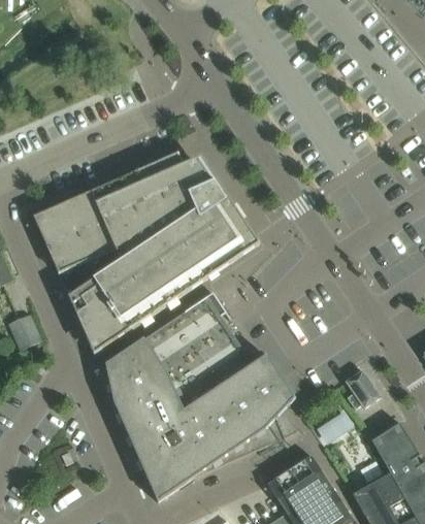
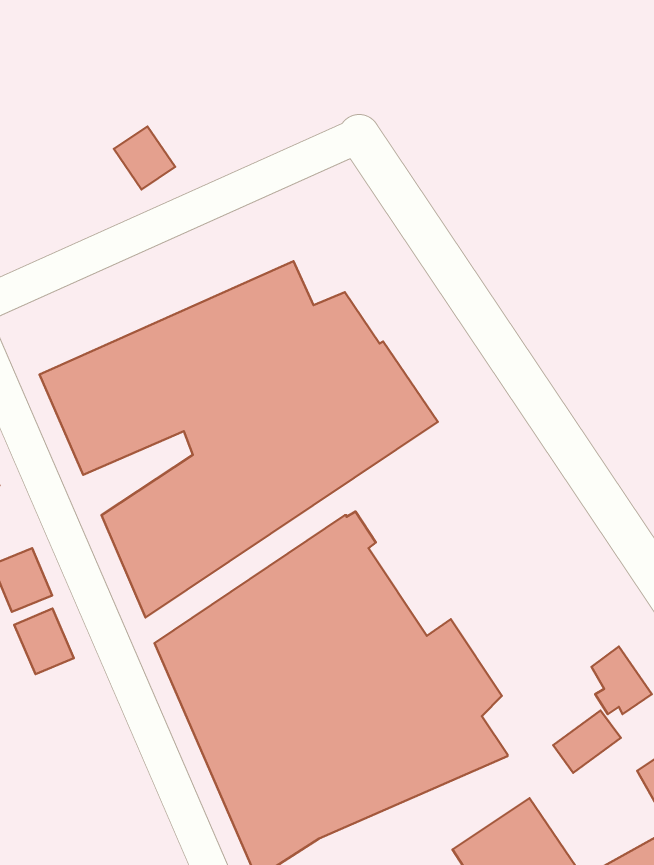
building: none -> [114,126,175,189]
building: none -> [14,609,74,674]

